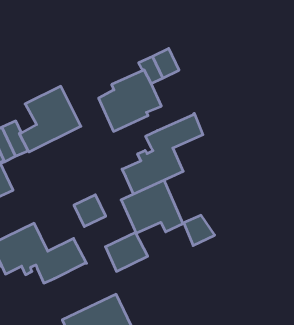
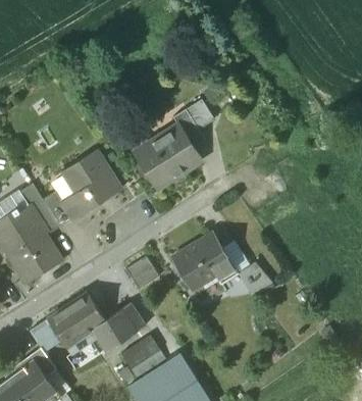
building: [122,113,203,194] -> none
building: [105,232,148,271] -> [120,336,164,378]

